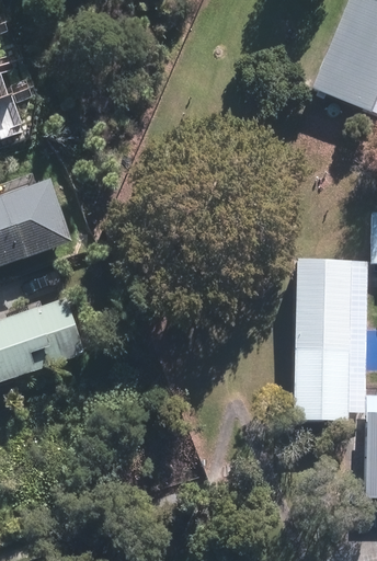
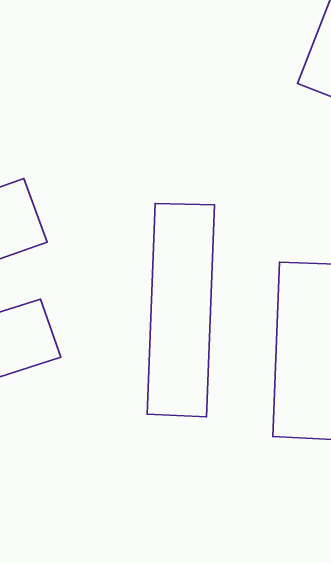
building: none -> [147,203,215,417]

